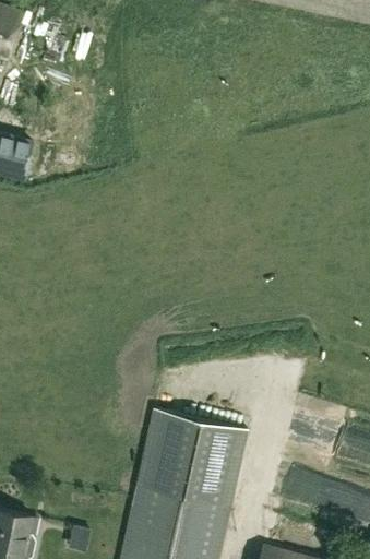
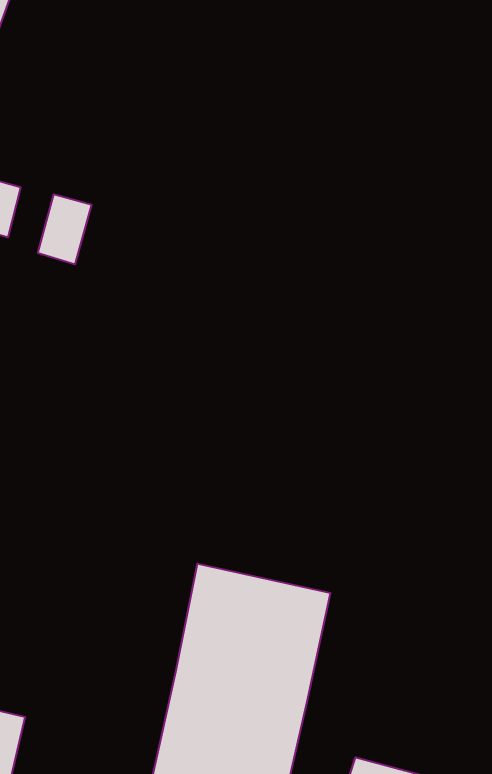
building: none -> [38,194,92,264]

